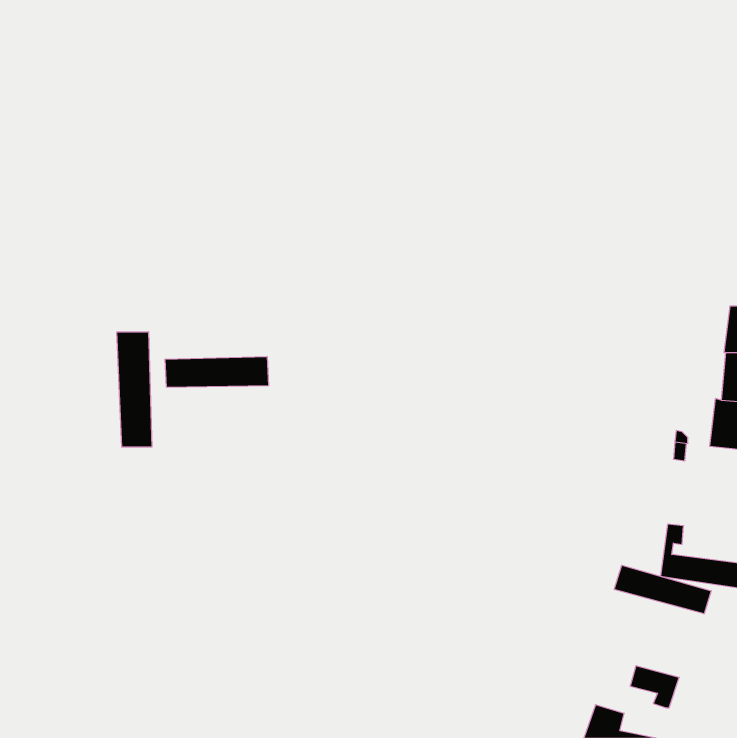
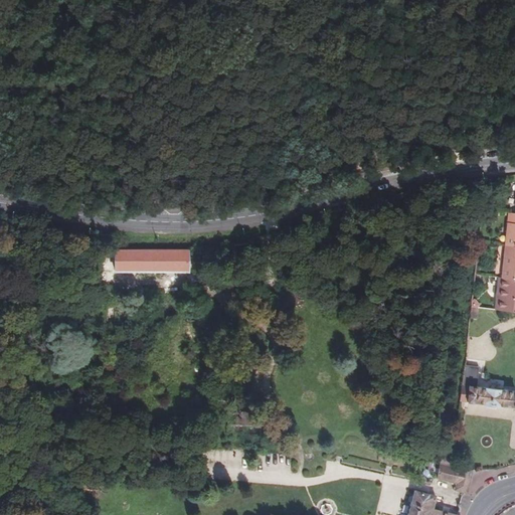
building: [117,332,152,447] -> none
building: [614,565,711,614] -> none

